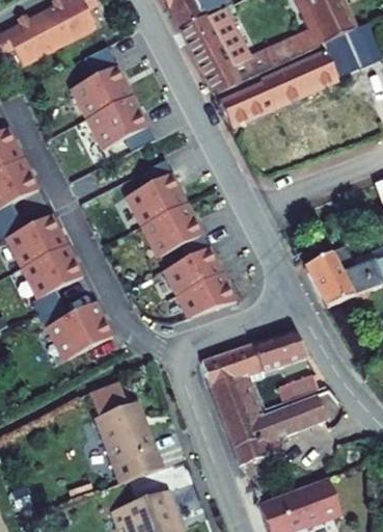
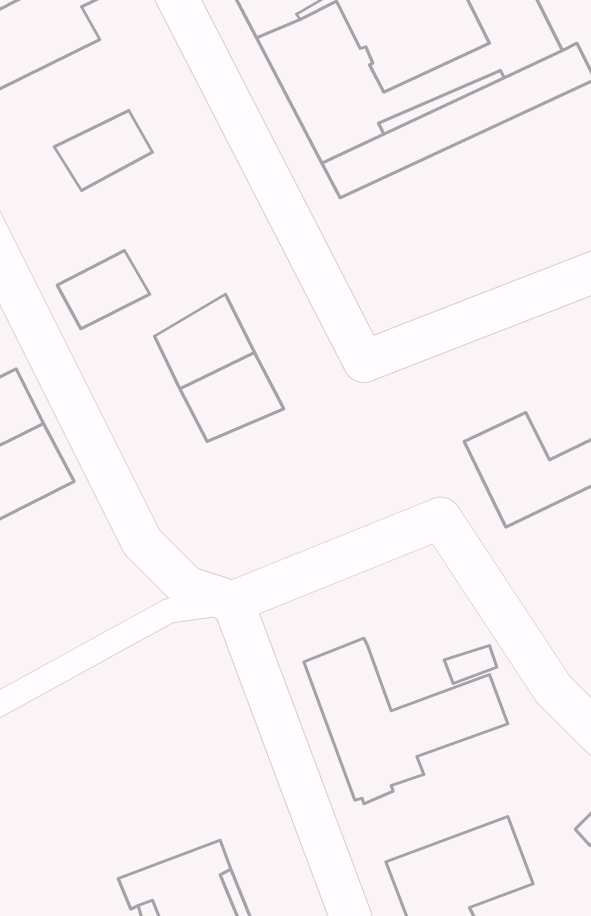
building: [89,101,142,145] -> [57,251,150,329]
building: [159,242,234,318] -> none
building: [47,304,110,364] -> none
building: [203,331,308,384] -> none
building: [87,381,159,482] -> none

